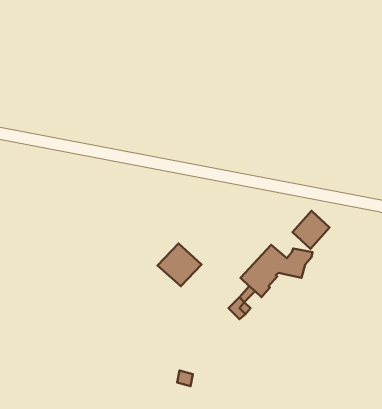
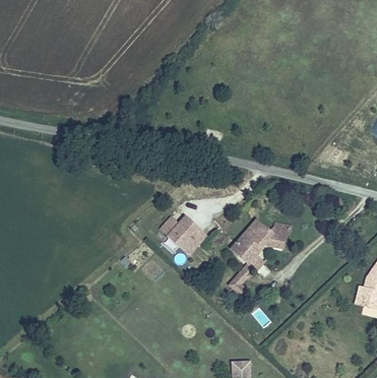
building: [293,211,330,249] -> none

